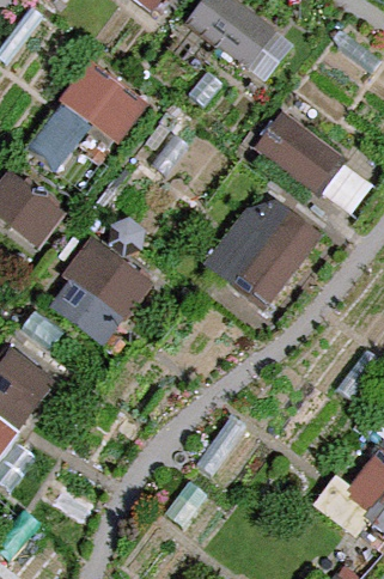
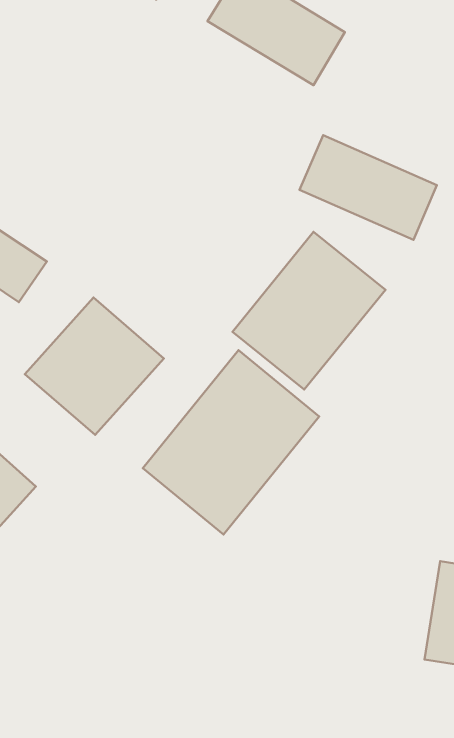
building: [31,62,147,169] -> none
building: none -> [143,350,319,534]

